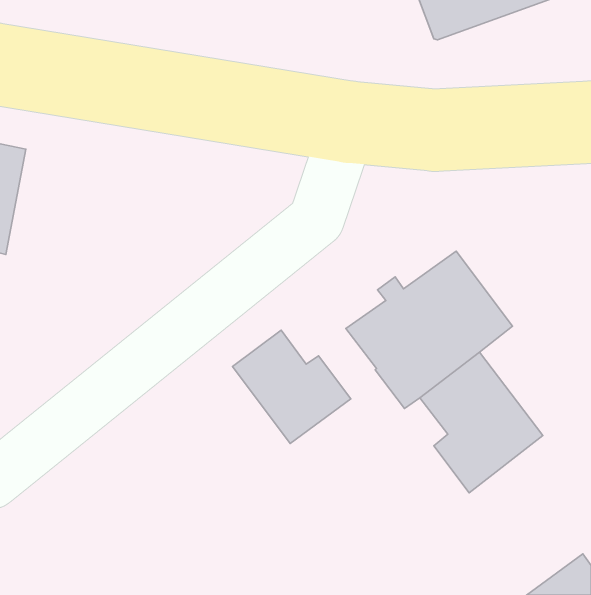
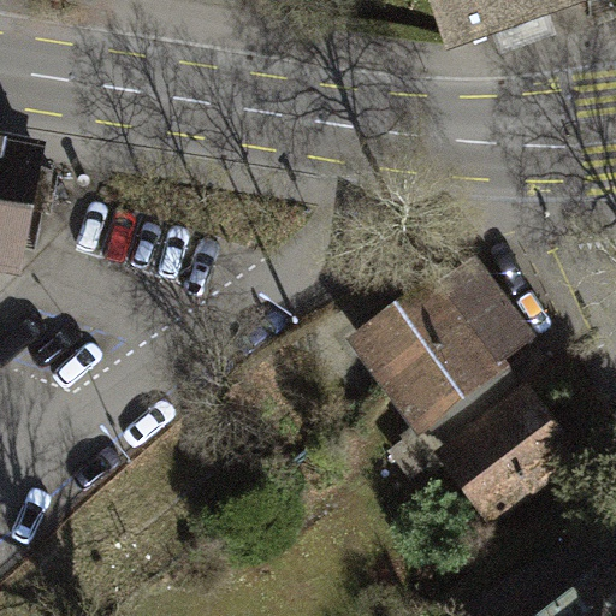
building: [232,330,351,443] -> none

